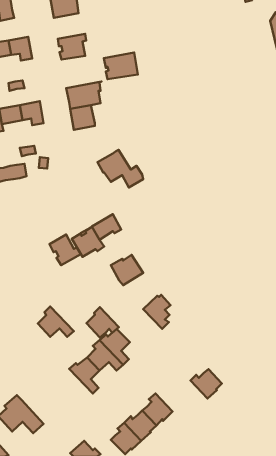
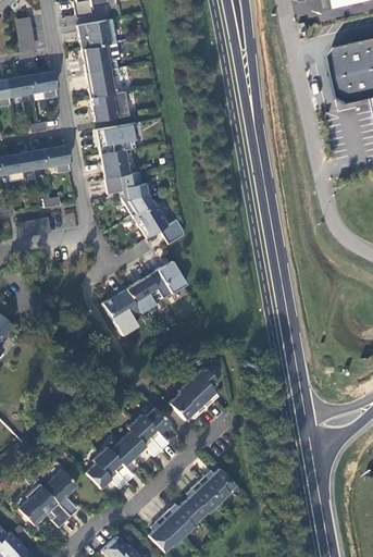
building: none -> [82,45,117,74]
building: [104,53,138,79] -> [90,91,129,122]
building: none -> [104,172,151,215]
building: [49,234,81,265] -> none
building: [111,255,143,285] -> [149,263,186,298]
building: [38,307,74,337] -> [85,453,126,487]
building: [86,307,119,338] -> [169,384,206,419]
building: [190,369,222,399] -> [198,468,234,502]
building: none -> [45,469,77,516]

